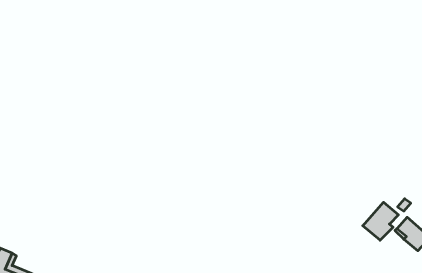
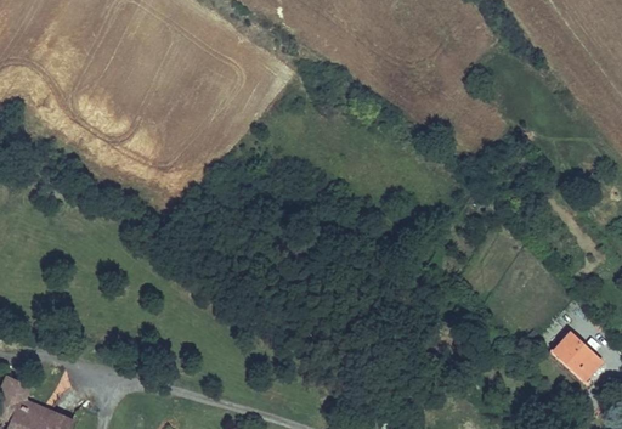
building: [363,202,398,240] -> none

